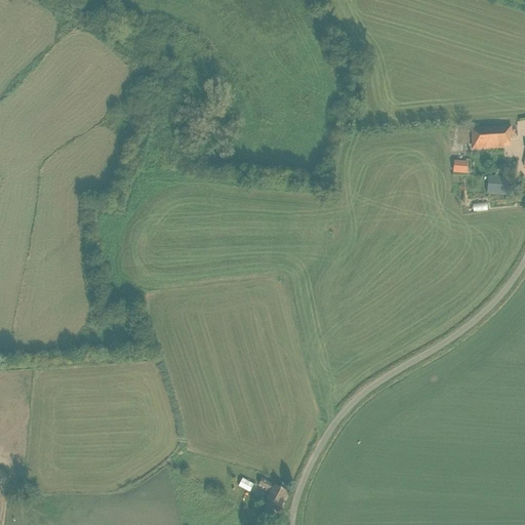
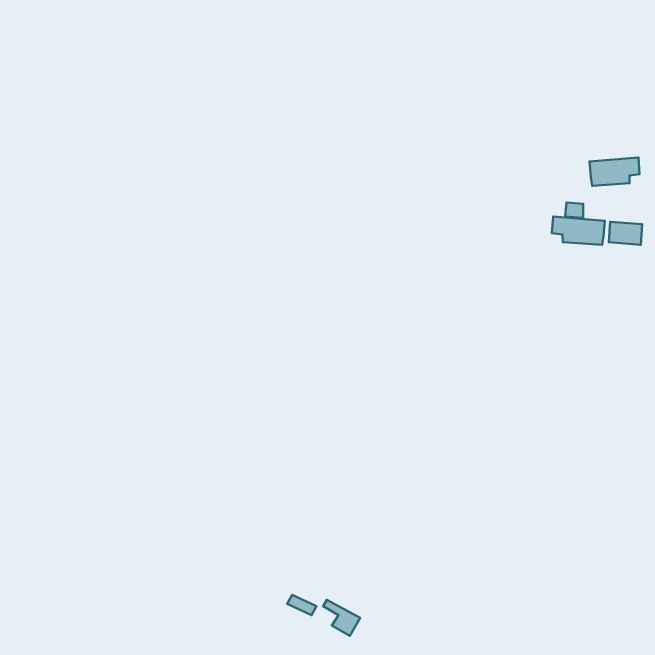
building: none -> [552,217,605,245]

